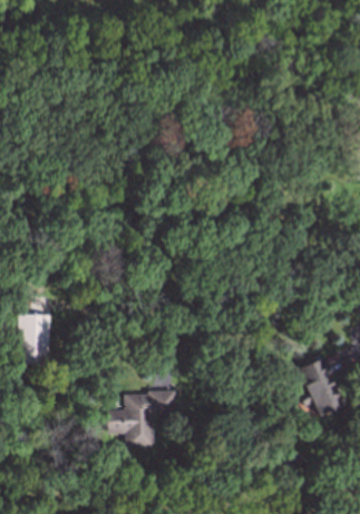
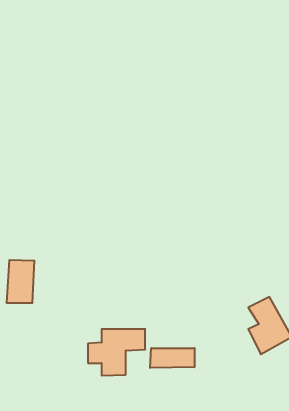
building: none -> [150,348,195,368]

